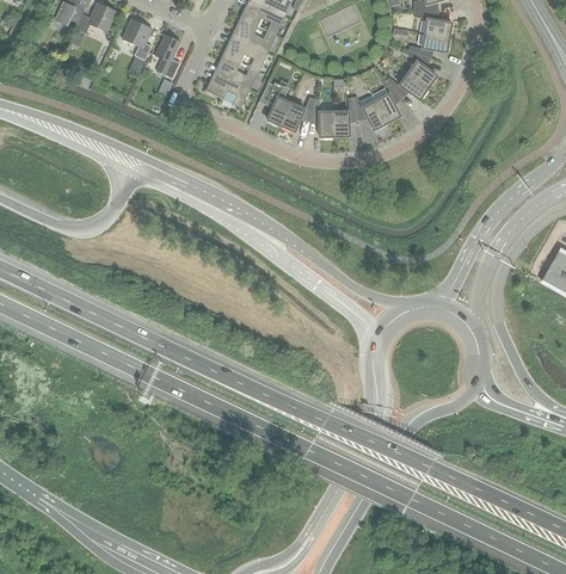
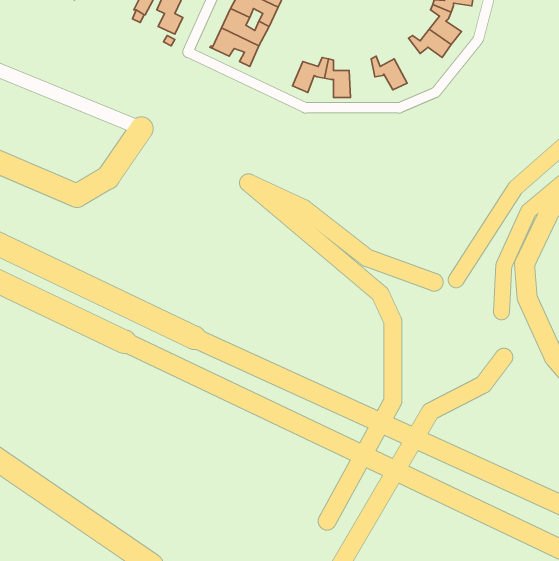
building: [373,81,400,123] -> none
building: [260,82,290,125] -> none
building: [333,100,357,136] -> none

